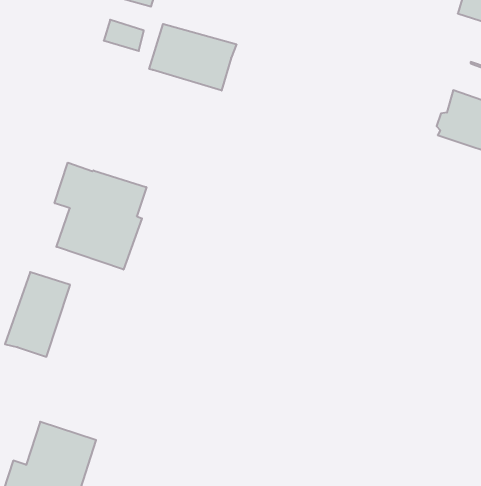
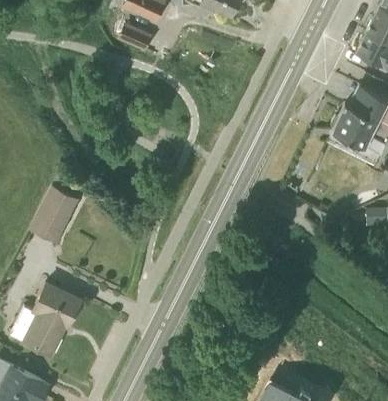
building: [149,24,236,91] -> none
building: [55,163,146,270] -> none

